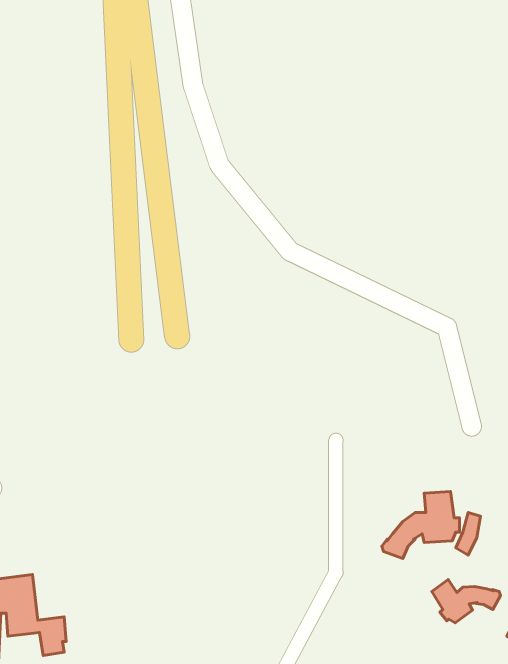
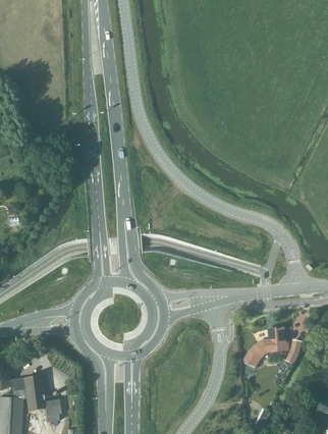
building: [432,580,501,623] -> none

